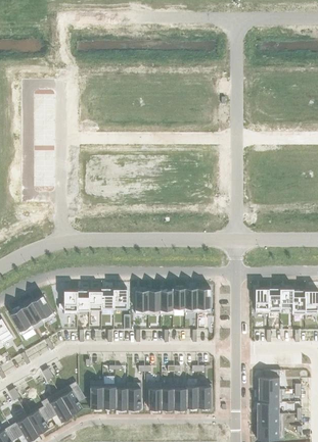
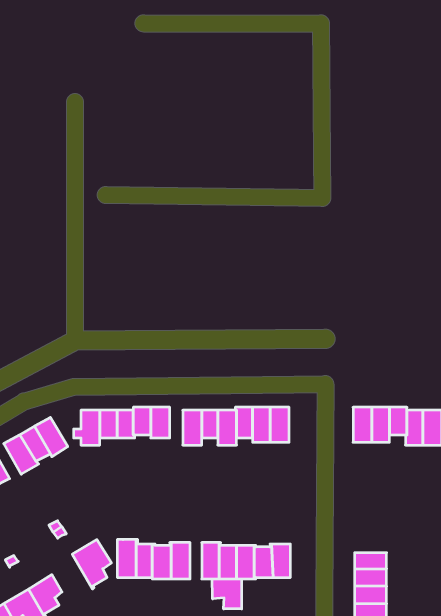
building: [257,371,279,391] -> none
building: [41,392,73,423] -> none
building: none -> [212,579,242,609]

